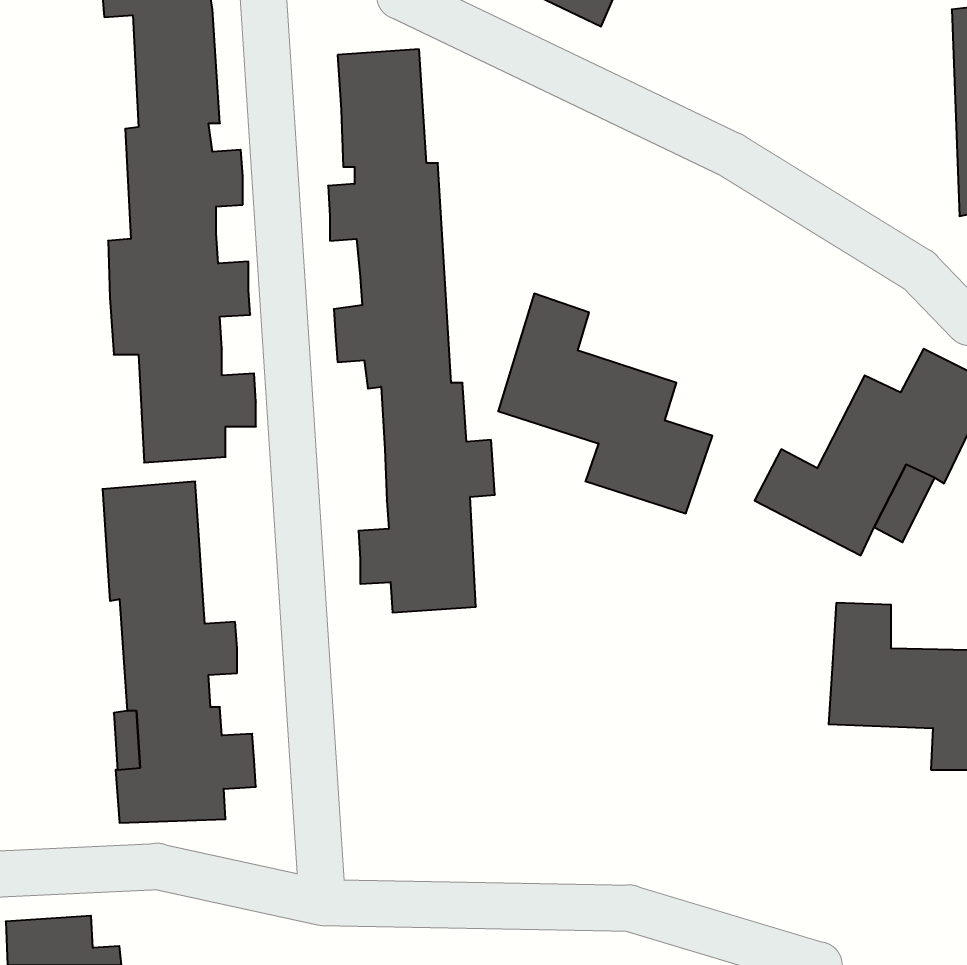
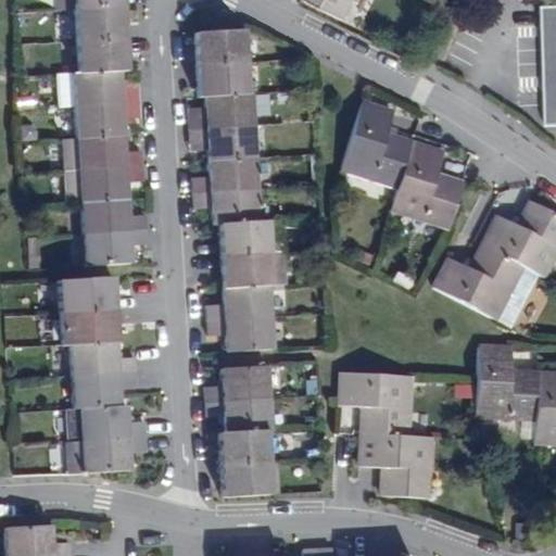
building: [498,294,712,513] -> [341,101,464,227]
building: none -> [205,364,271,496]
building: none -> [340,371,431,497]

